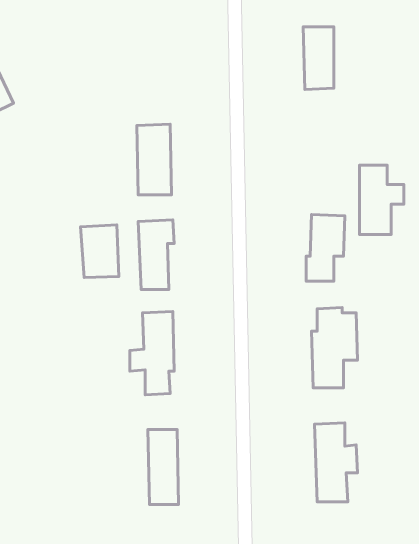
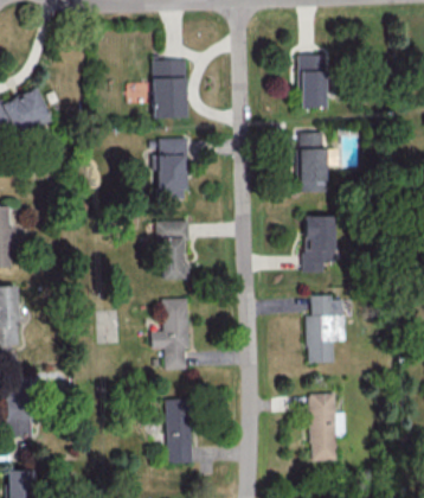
building: none -> [152,59,186,117]
building: [359,165,404,235] -> [300,132,338,191]
building: [80,225,119,277] -> none

